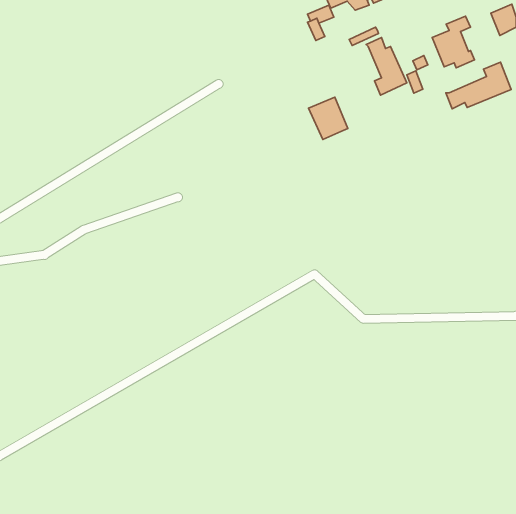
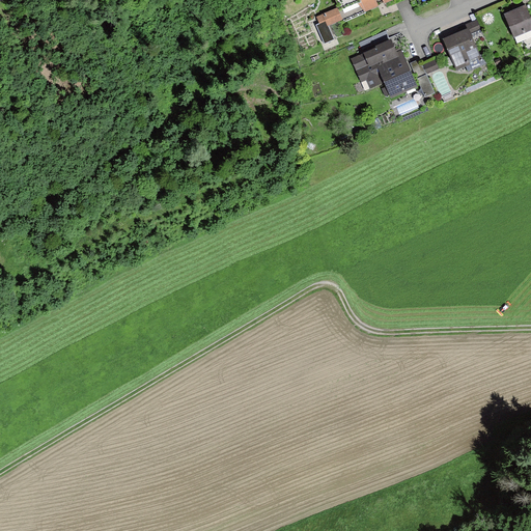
building: [446,62,511,109] -> none
building: [309,97,348,139] -> [351,48,391,91]

